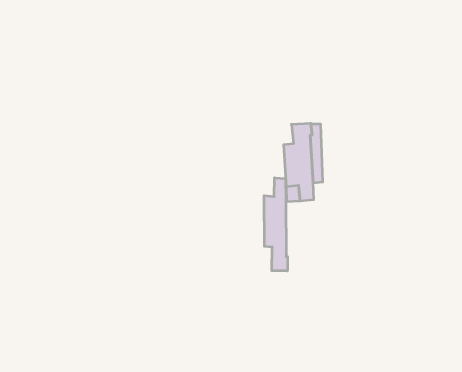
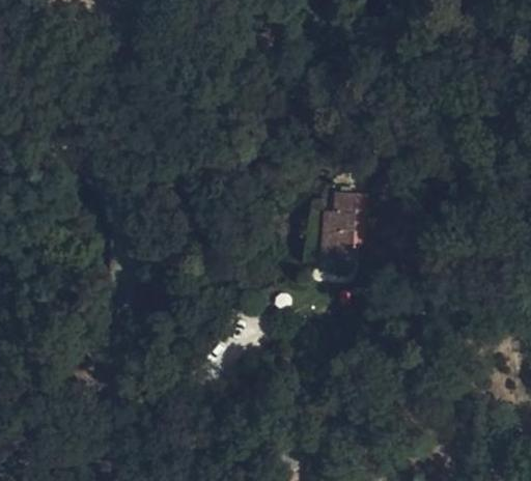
building: [264,178,288,271] -> none

